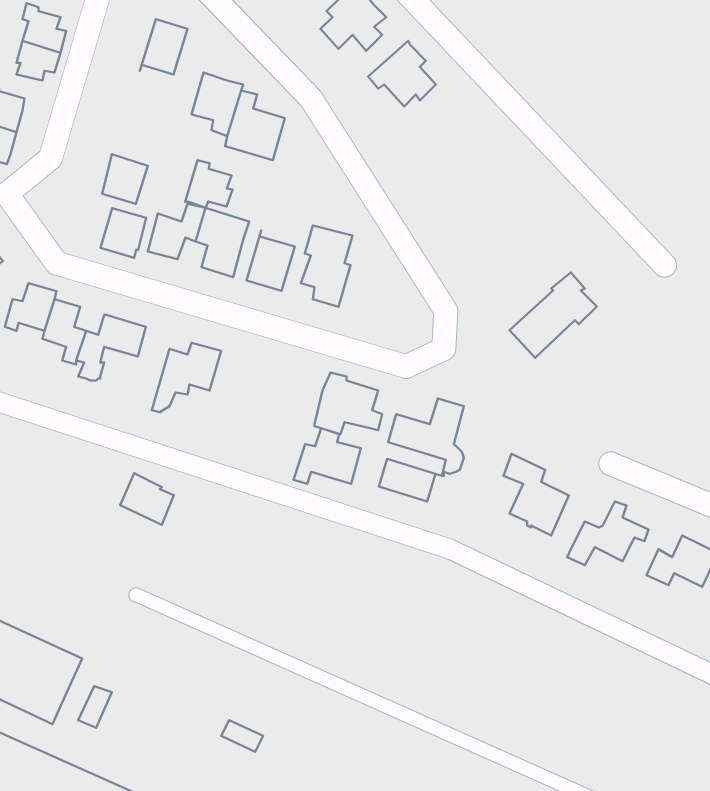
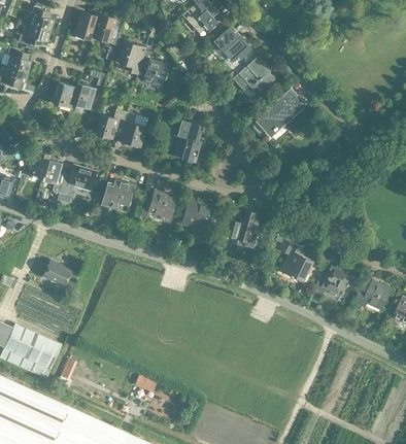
building: none -> [75,11,100,40]
building: none -> [233,56,275,94]
building: [185,160,233,208] -> none
building: [100,208,146,258] -> [53,82,76,108]
building: [246,231,295,291] -> none
building: [509,273,597,358] -> [258,90,303,134]
building: [293,428,361,484] -> [140,190,175,218]
building: [379,459,442,502] -> none
building: [120,473,174,525] -> [43,260,71,286]

